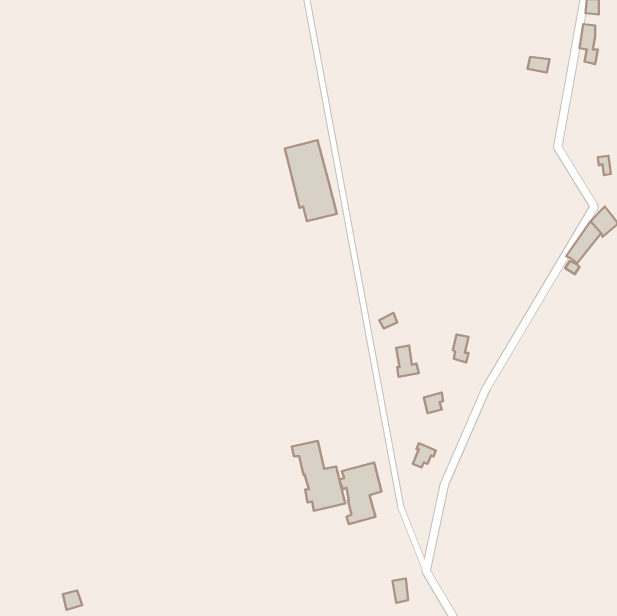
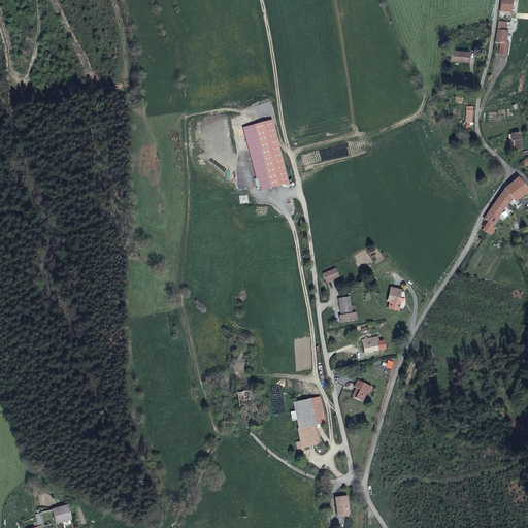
building: [292,441,345,511] -> none

